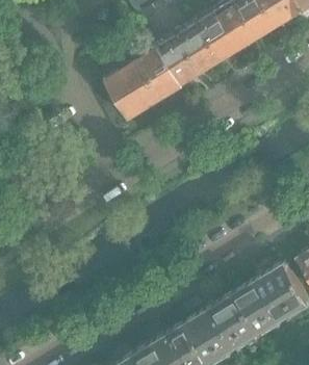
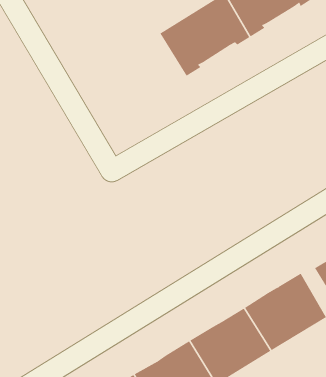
building: [105,48,181,119] -> none

